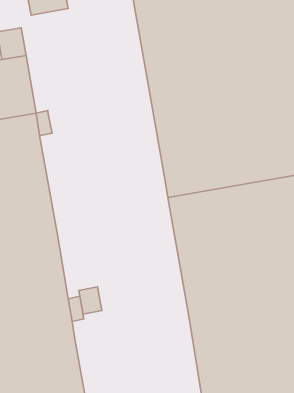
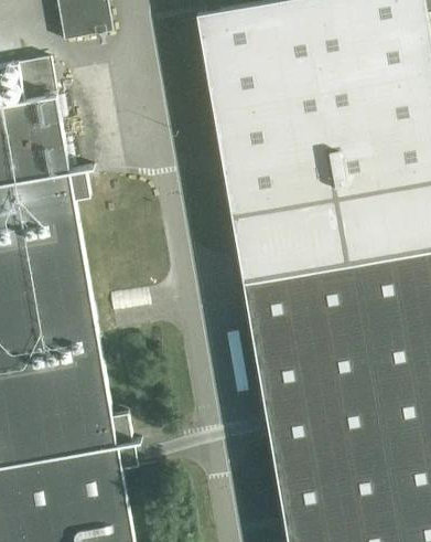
building: [79,287,102,314] -> none

